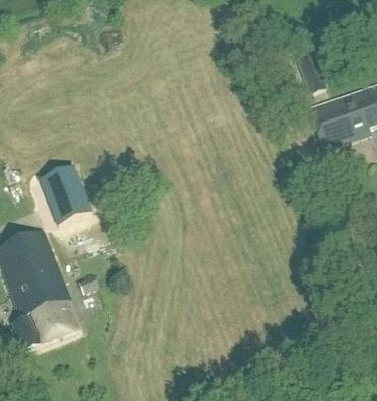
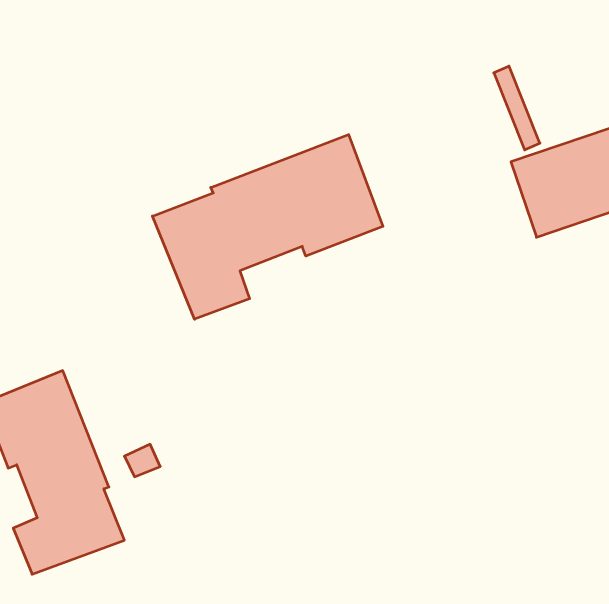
building: none -> [152,135,383,319]
building: [40,166,91,225] -> none

